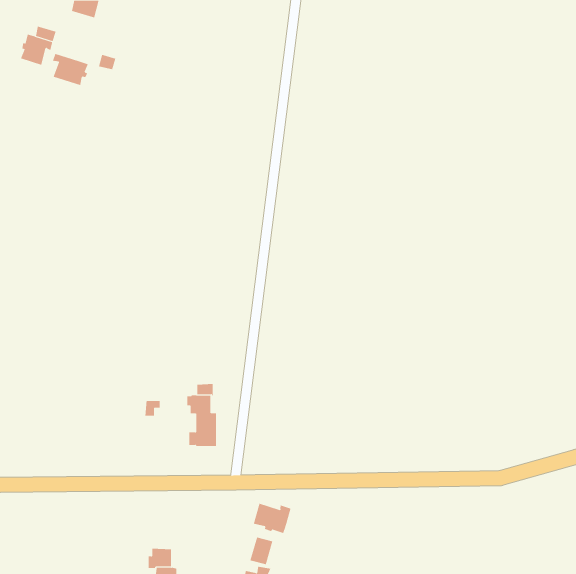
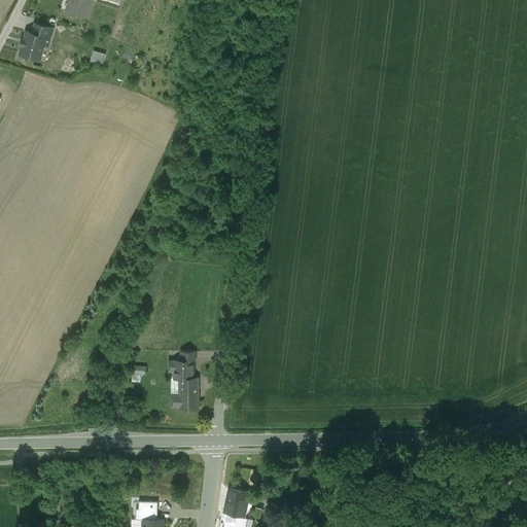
building: [52,53,89,86] -> none
building: [253,503,291,534] -> none

